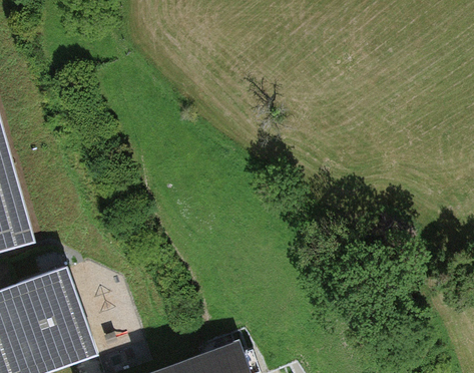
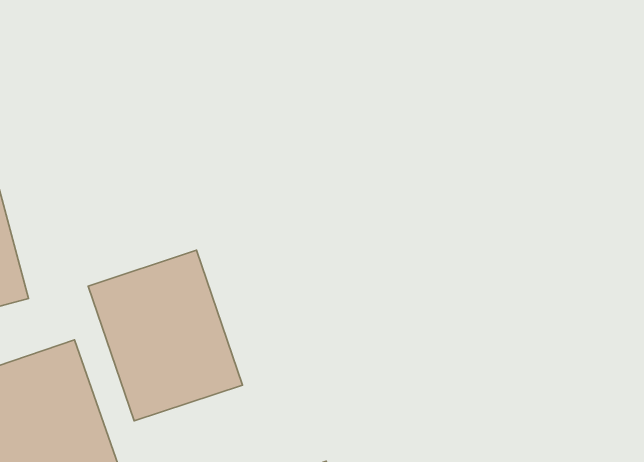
building: none -> [88,250,242,421]

